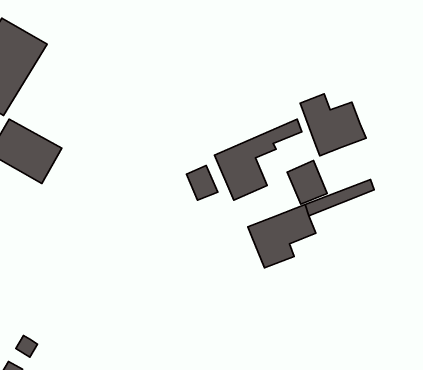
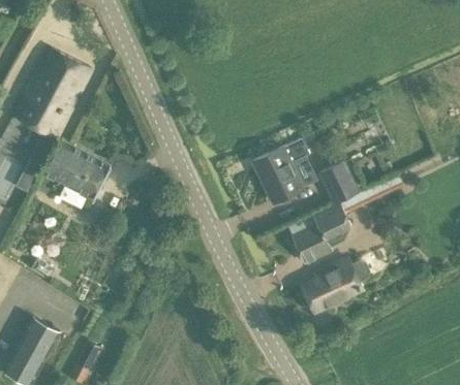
building: [300,94,366,156] -> none
building: [187,165,218,200] -> none
building: none -> [303,261,369,321]

